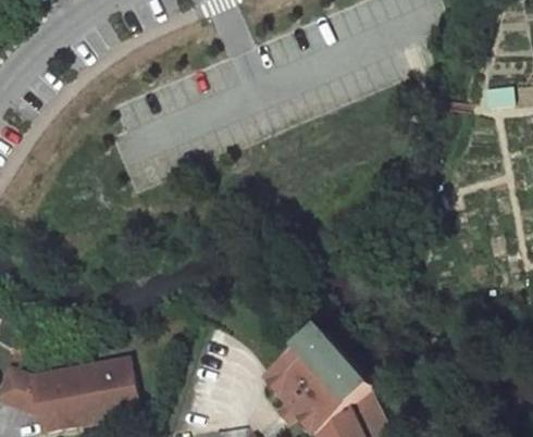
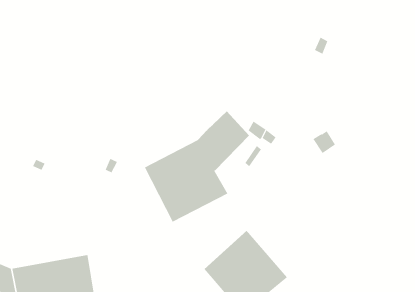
building: none -> [144,111,250,222]

